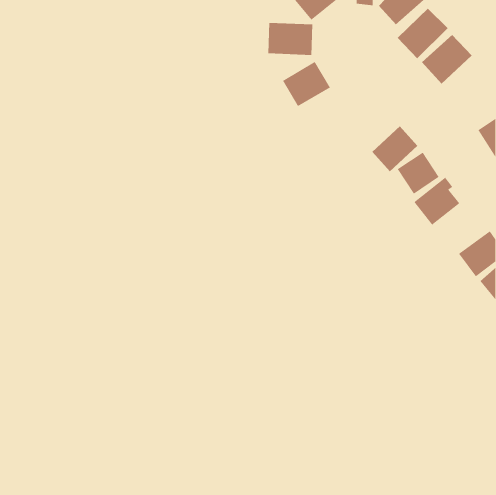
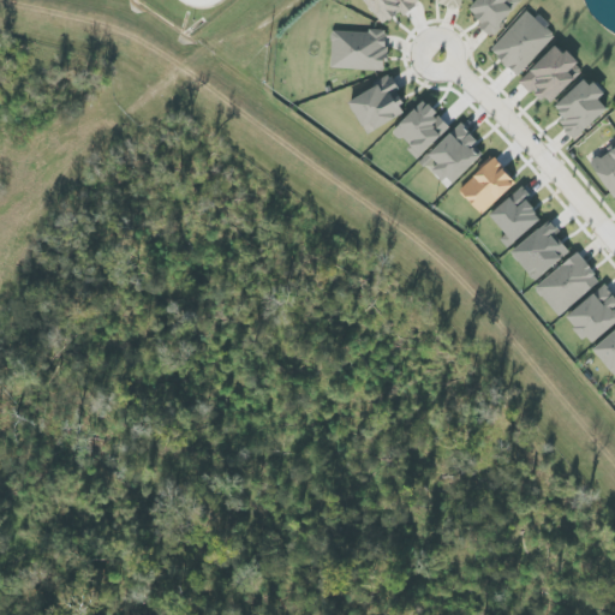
building: none -> [554,74,608,138]
building: none -> [392,98,449,156]
building: none -> [429,121,483,184]
building: none -> [535,251,599,312]

